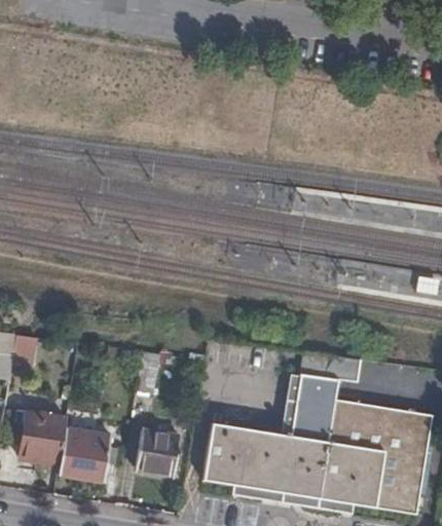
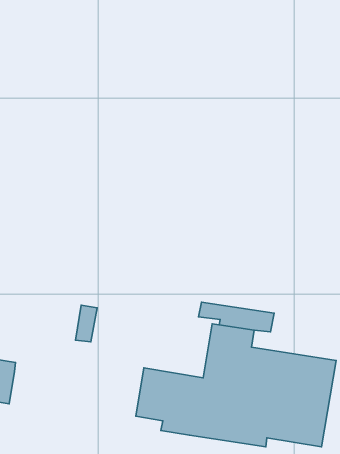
building: [56,427,110,482] -> none
building: [135,430,180,476] -> none

